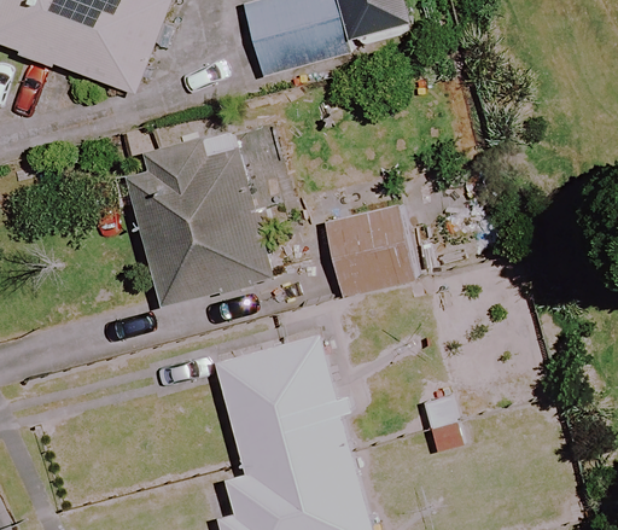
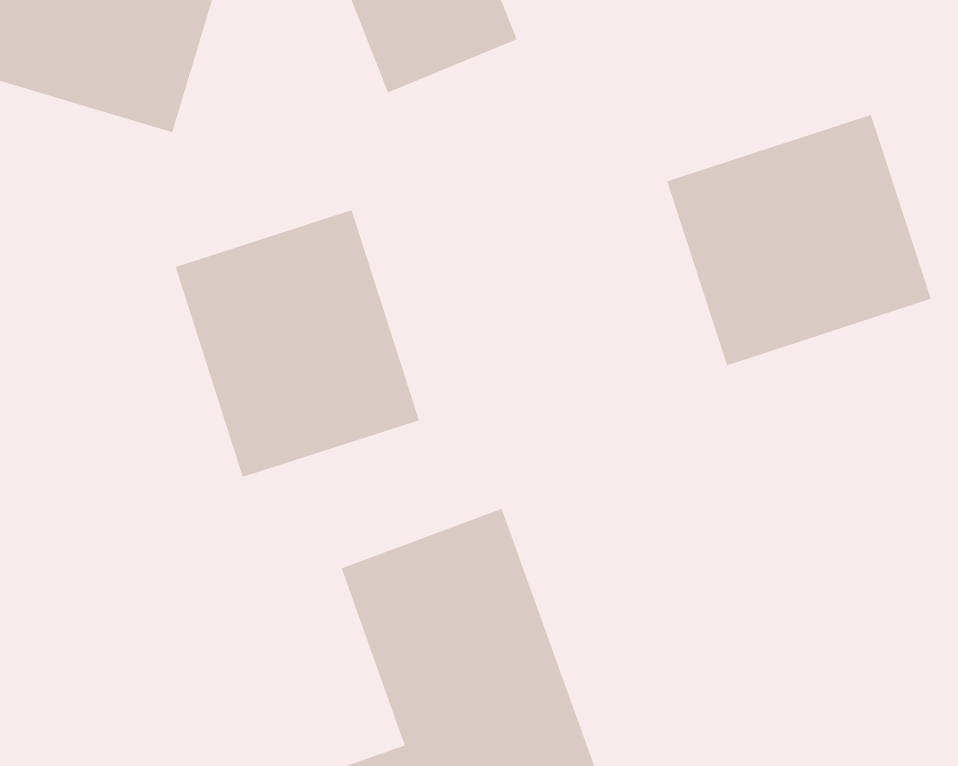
building: none -> [667,114,931,366]
building: [322,200,428,296] -> none

